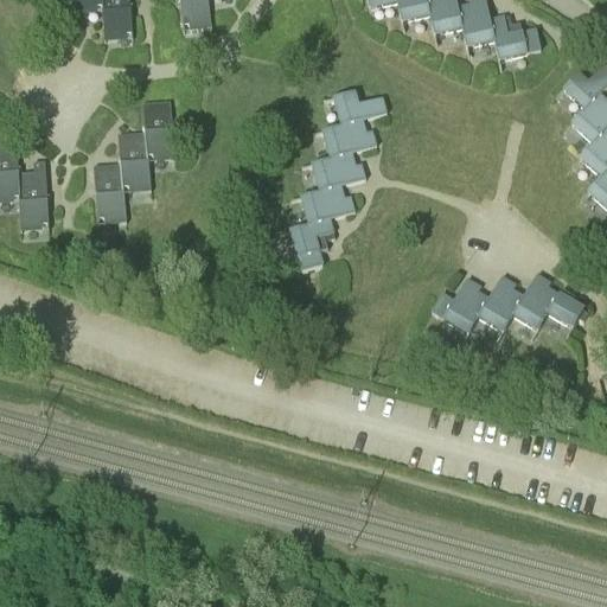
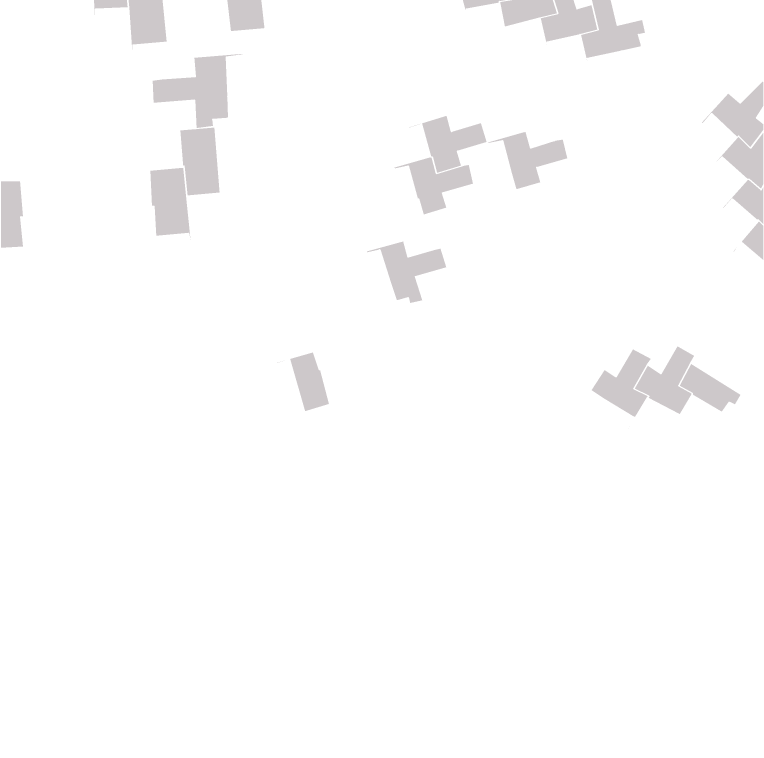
building: [493,30,541,71] -> none
building: none -> [152,53,244,129]
building: [301,158,365,204] -> [487,132,568,190]
building: [17,161,49,231] -> none
building: [94,164,127,223] -> none
building: [280,224,322,271] -> [276,352,330,412]
building: [432,279,481,344] -> none

